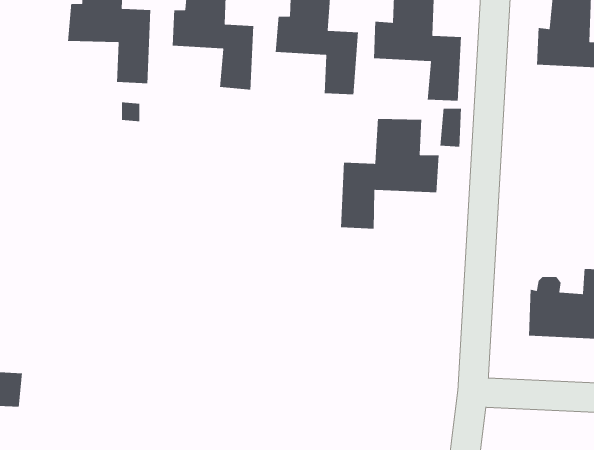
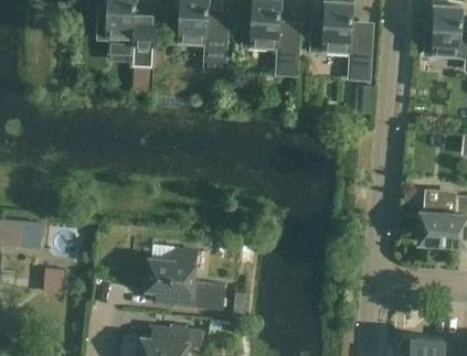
building: [340,118,439,229] -> none
building: none -> [147,249,225,309]

